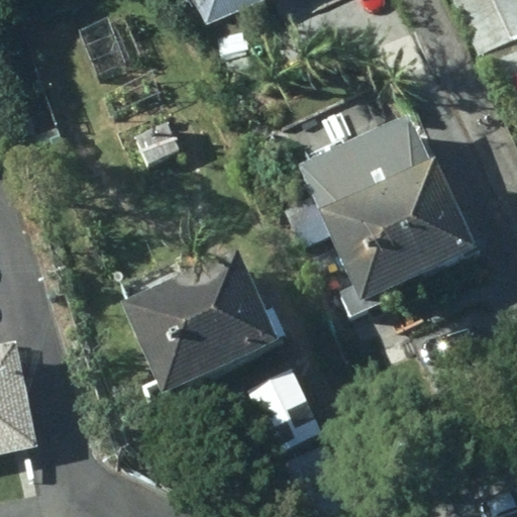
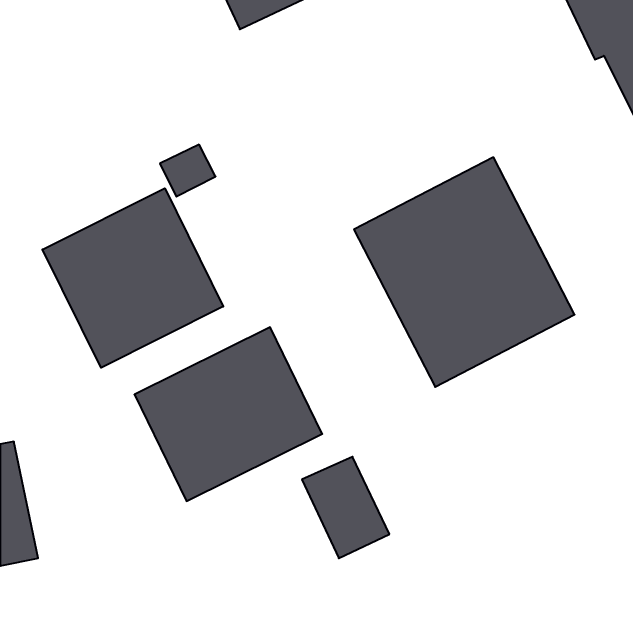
building: none -> [42,188,223,368]

